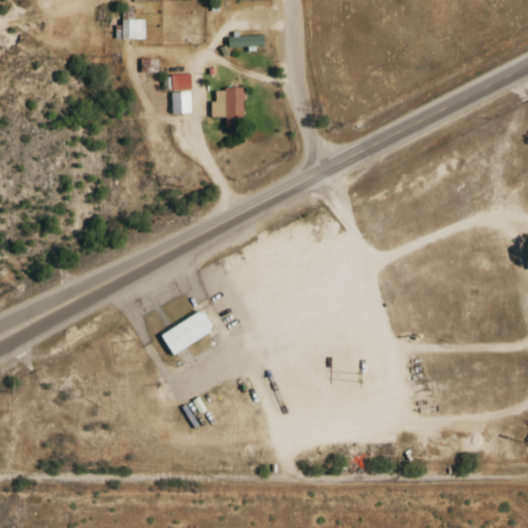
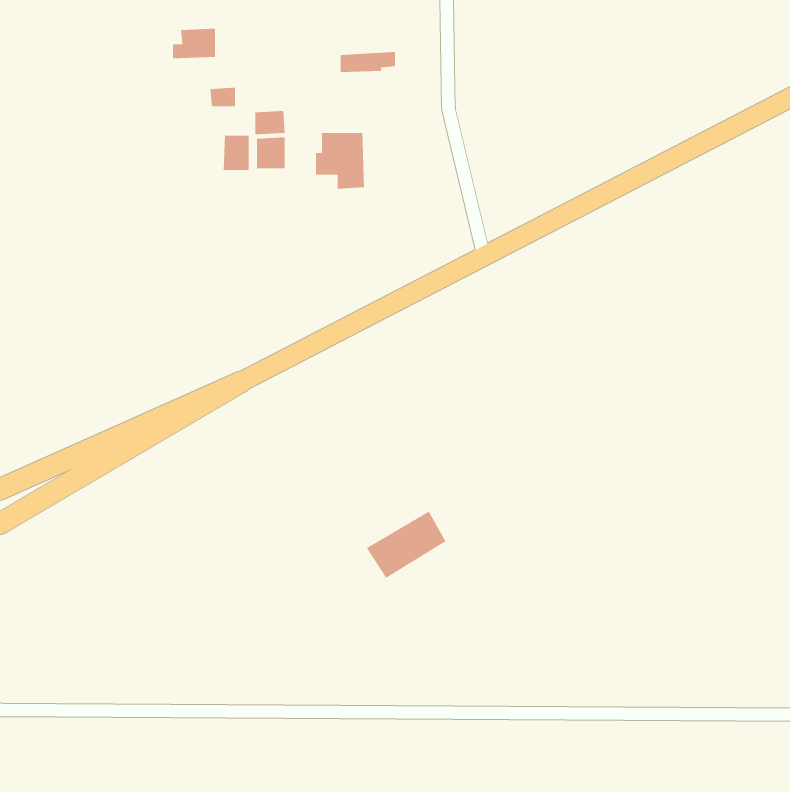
building: none -> [223,135,249,171]
building: [160,309,213,355] -> [366,510,446,579]

